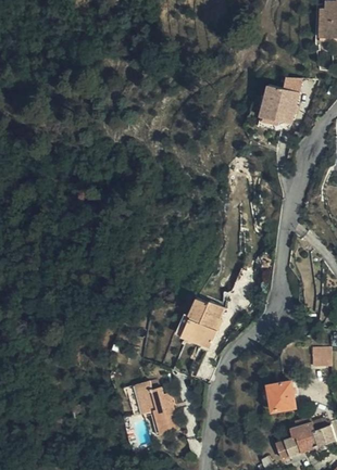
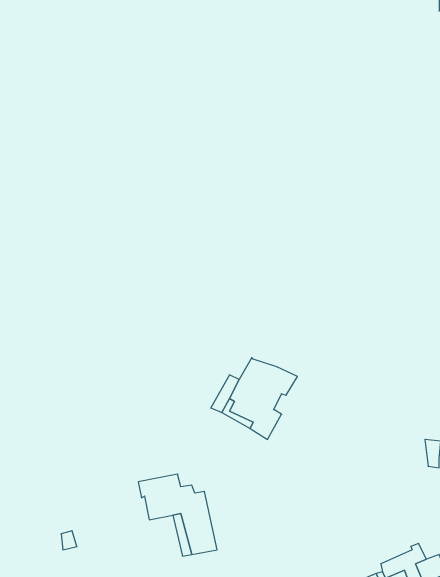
building: [266,84,307,125] -> none
building: [264,384,291,411] -> none

